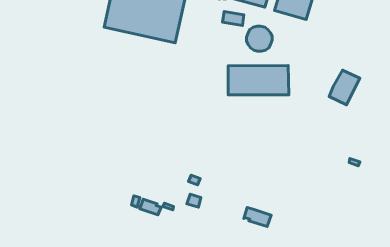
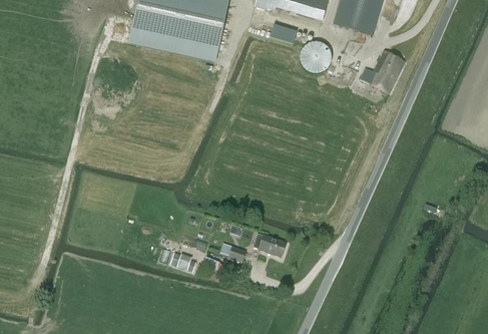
building: [228,66,289,95] -> none
building: [329,70,360,105] -> [368,50,405,92]
building: [244,208,271,227] -> [253,233,286,256]

